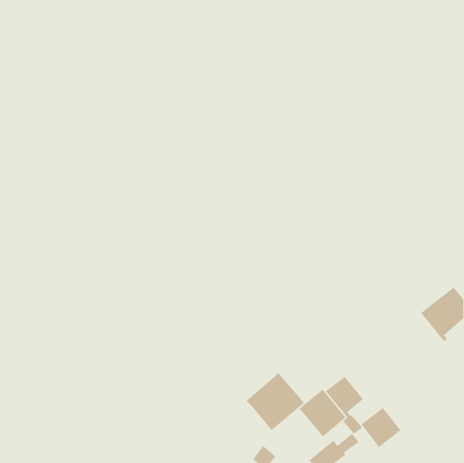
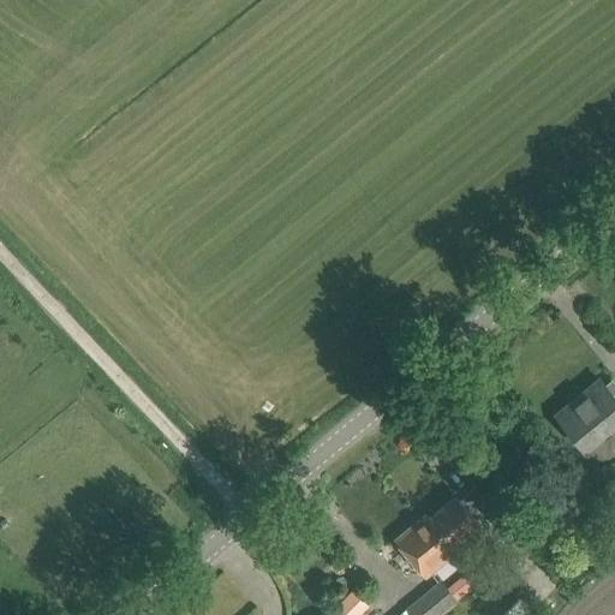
building: [246,372,305,431] -> none
building: [360,407,402,448] -> none

